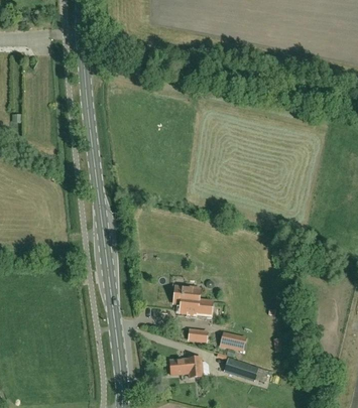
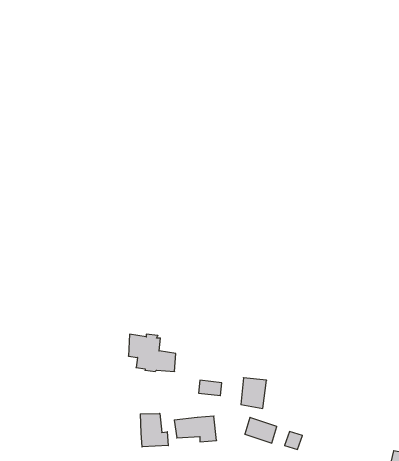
building: [174,285,212,314] -> [128,334,176,371]
building: none -> [140,413,168,447]

